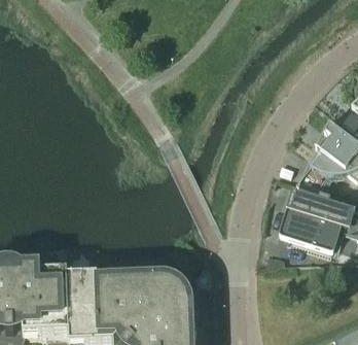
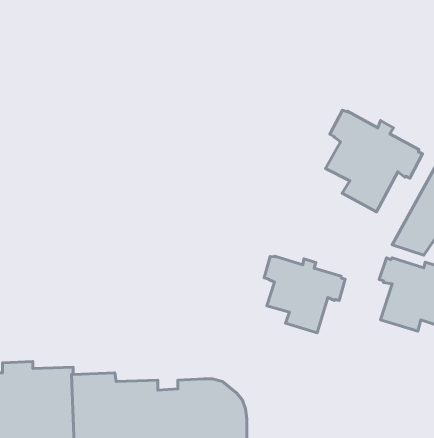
building: none -> [326,110,423,212]
building: none -> [264,256,345,333]

